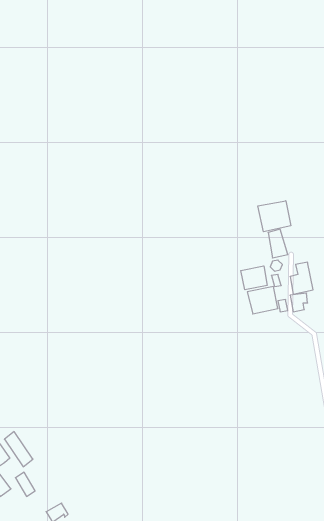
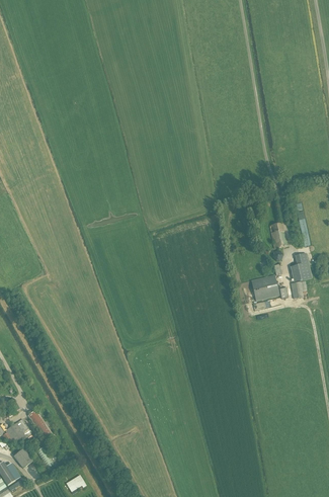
building: [258,201,291,232] -> none
building: [241,266,267,290] -> none

